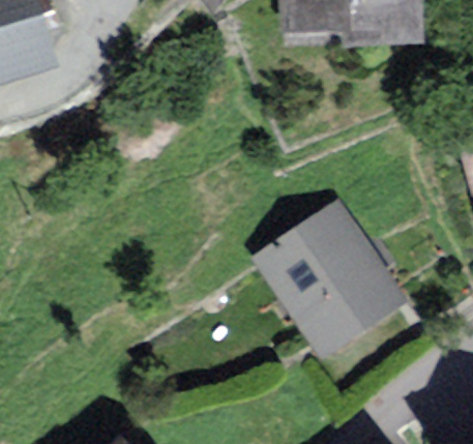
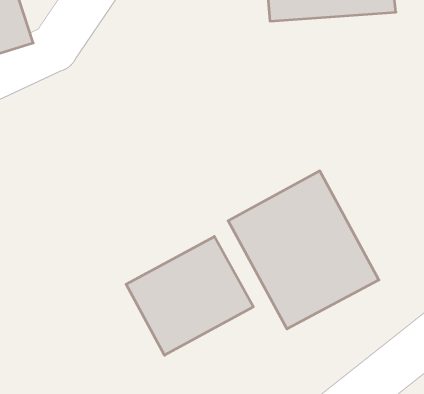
building: none -> [126,236,253,355]

